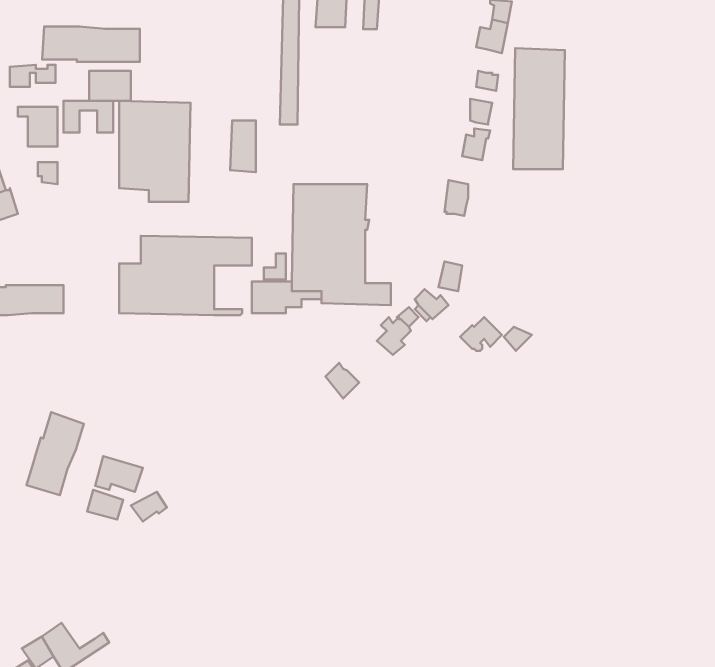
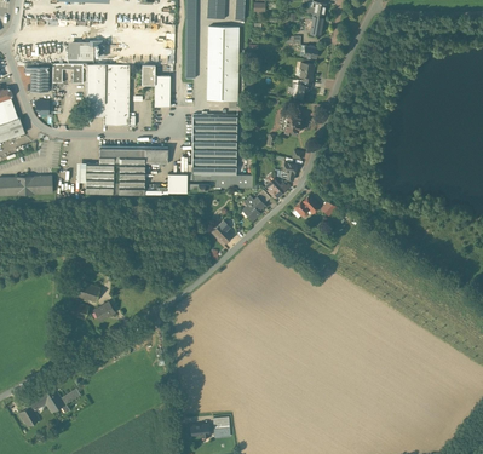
building: [42,27,140,62] -> none
building: [513,48,565,169] -> [207,27,238,100]
building: [27,412,84,495] -> none

